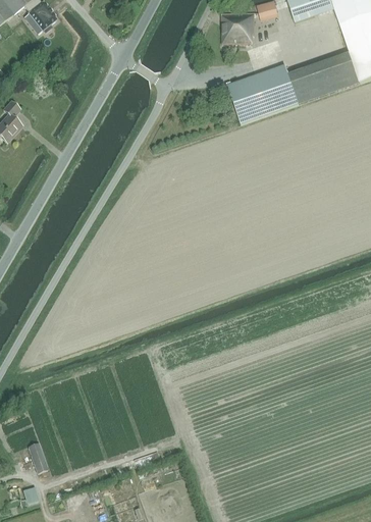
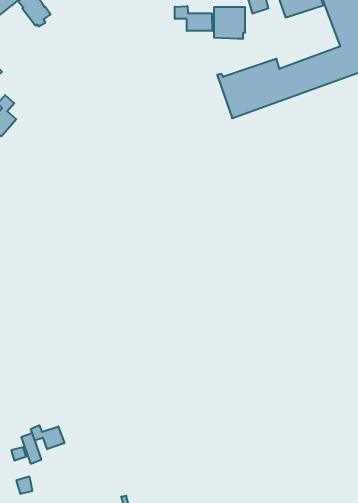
building: none -> [175,6,212,31]
building: none -> [31,425,64,449]

